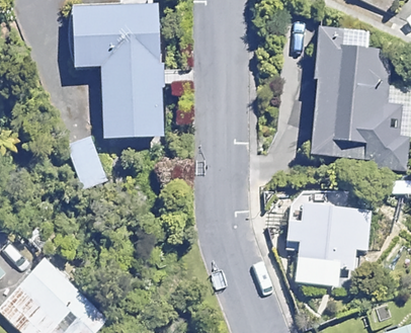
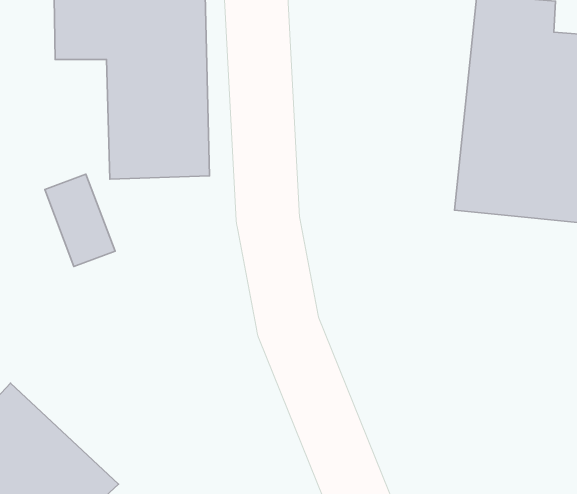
building: [289,205,368,288] -> none

